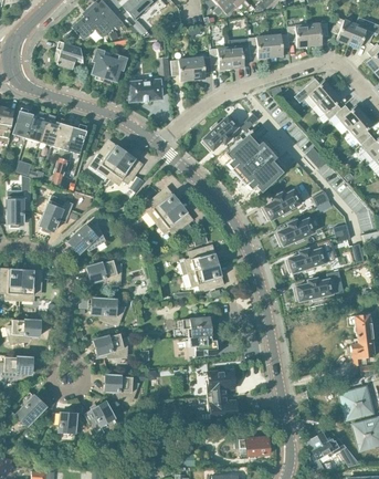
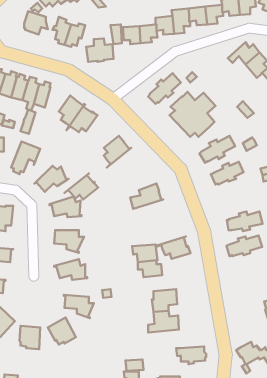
building: [152,202,192,233] -> [64,173,98,200]
building: [286,248,328,272] -> [227,236,262,256]
building: [183,263,224,290] -> [156,236,190,259]

